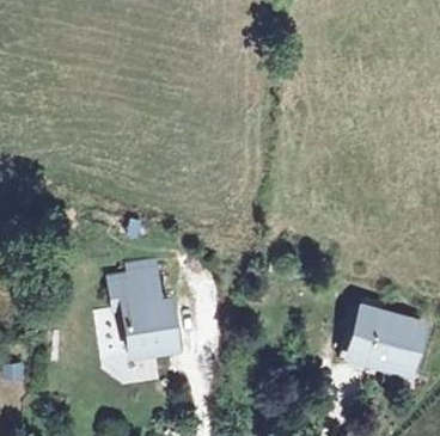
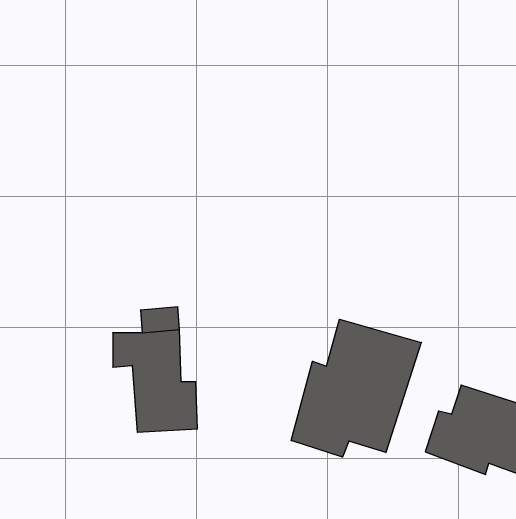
building: none -> [291,319,421,457]

